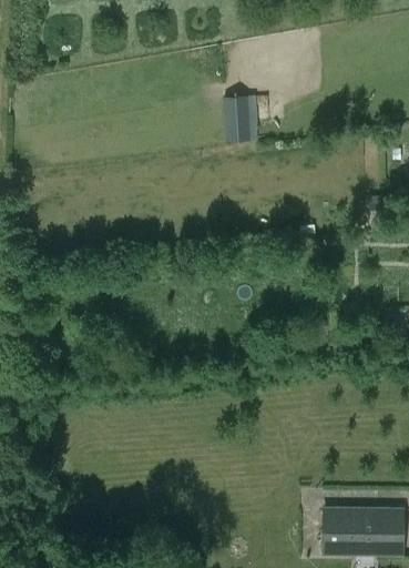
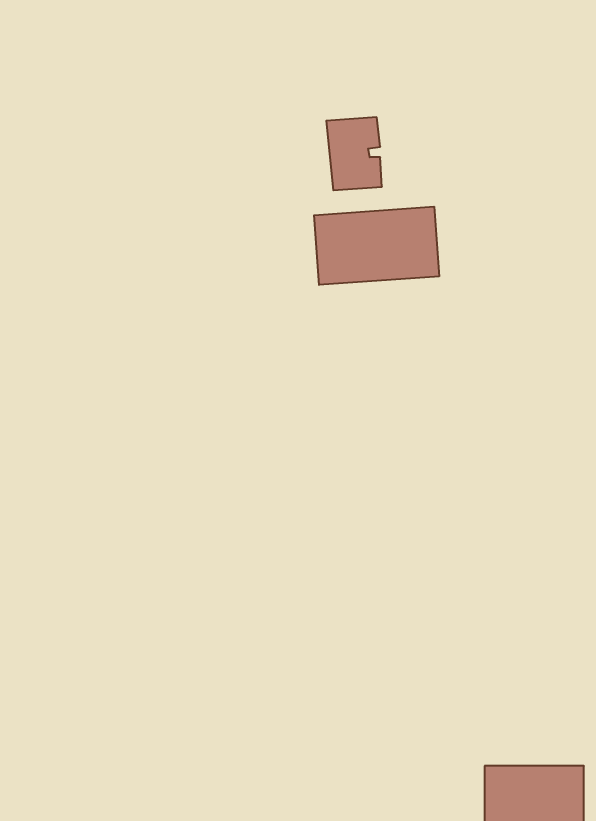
building: none -> [314,207,439,285]

